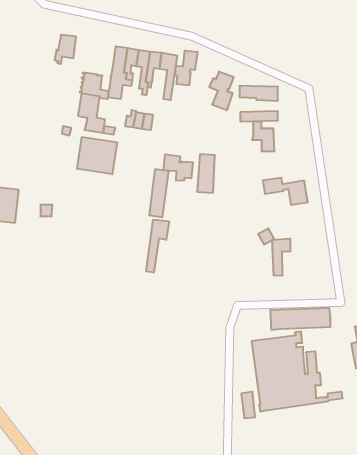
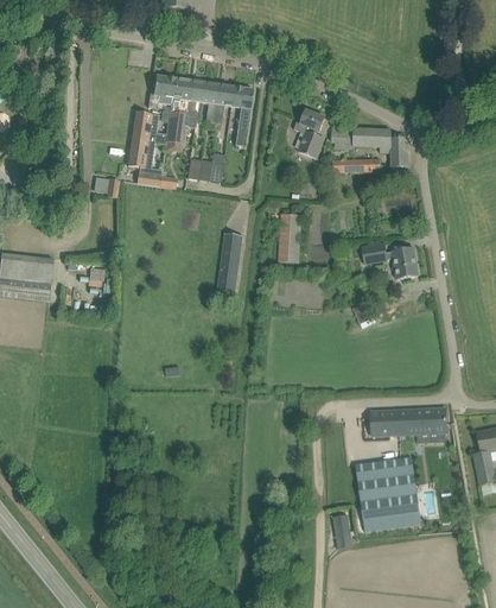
building: [55,35,76,64] -> [147,75,174,112]
building: [175,50,198,85] -> none
building: [252,121,275,151] -> [379,128,407,166]
building: [77,137,117,174] -> none
building: [164,154,193,181] -> none
building: [146,220,169,273] -> none
building: [272,239,290,276] -> none

